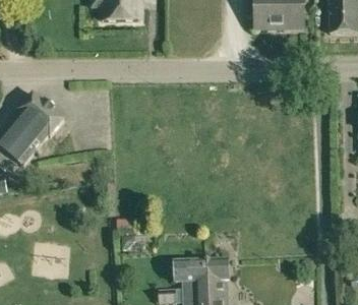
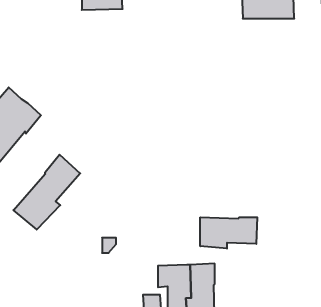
building: none -> [13,155,80,230]
building: none -> [200,217,257,249]

